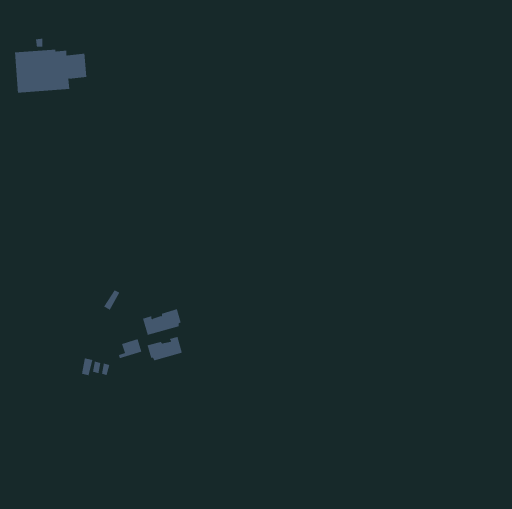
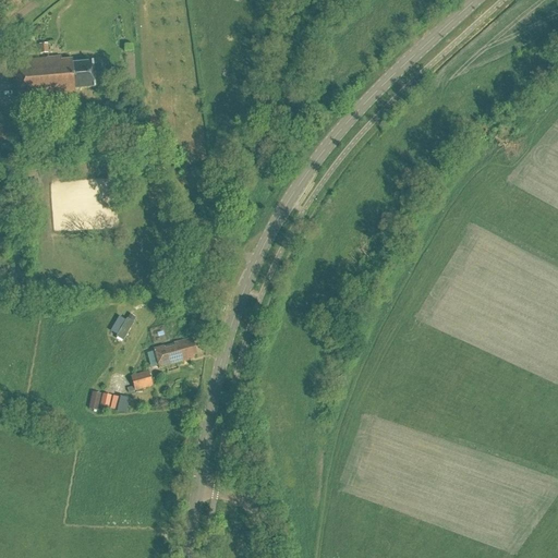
building: [147,336,182,361] -> none

